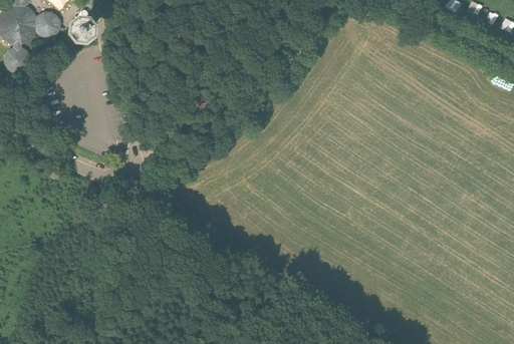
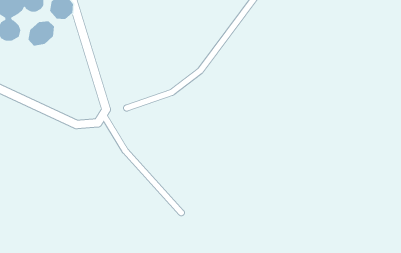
building: none -> [28,20,55,46]

